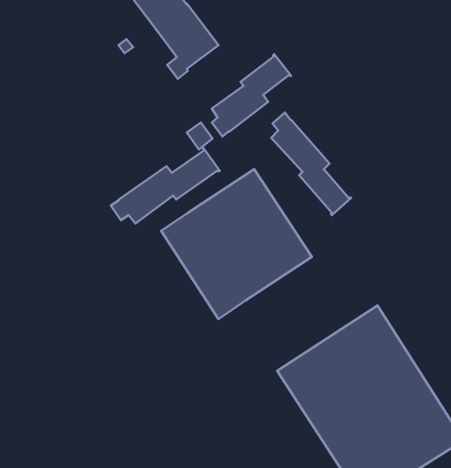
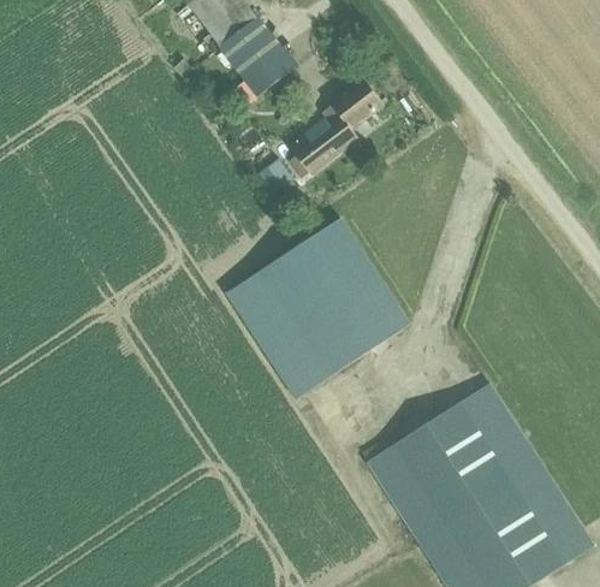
building: [271,113,351,215] -> none
building: [111,148,220,223] -> none

